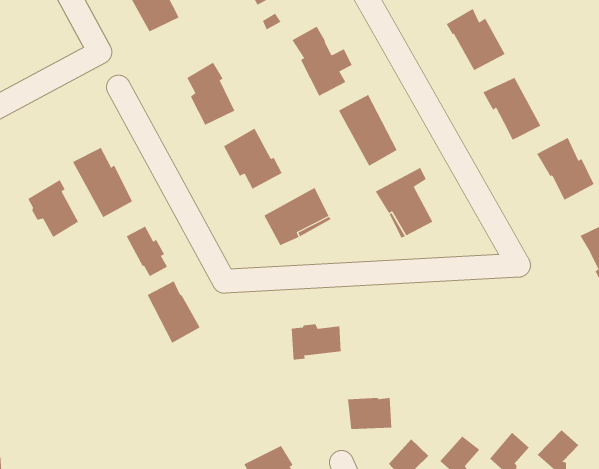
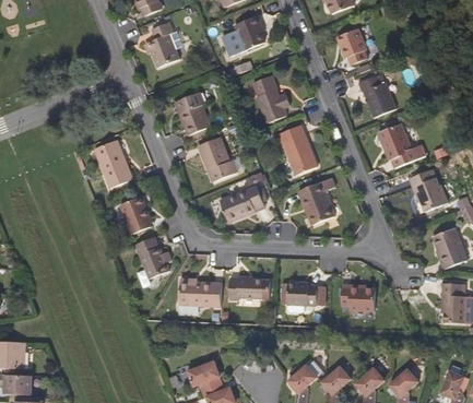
building: [27,179,79,238] -> none
building: none -> [342,284,376,311]
building: none -> [180,282,222,306]
building: [347,397,392,429] -> [288,283,318,306]

